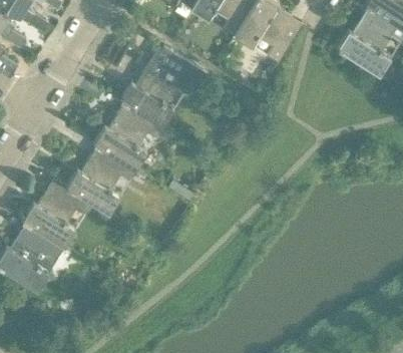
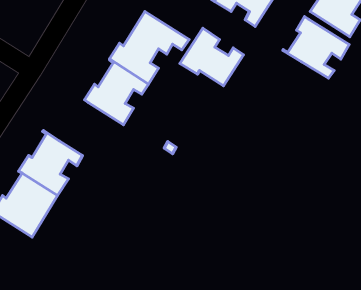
building: none -> [283,17,349,78]
building: none -> [180,28,244,86]
building: [66,147,135,223] -> none

